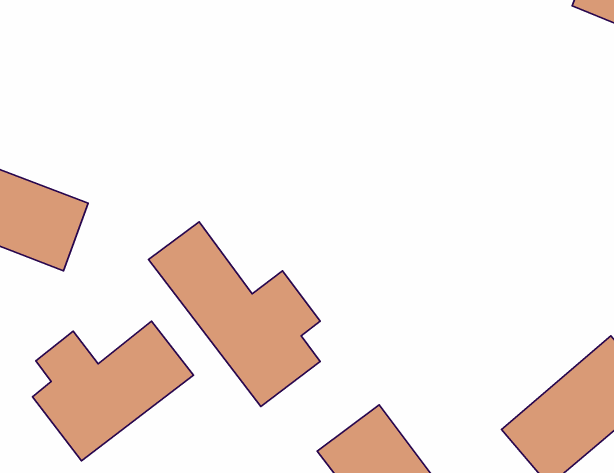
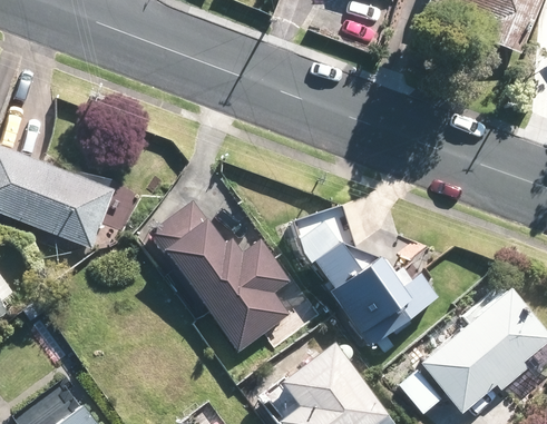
building: none -> [301,224,436,342]
building: [33,321,194,461] -> none

